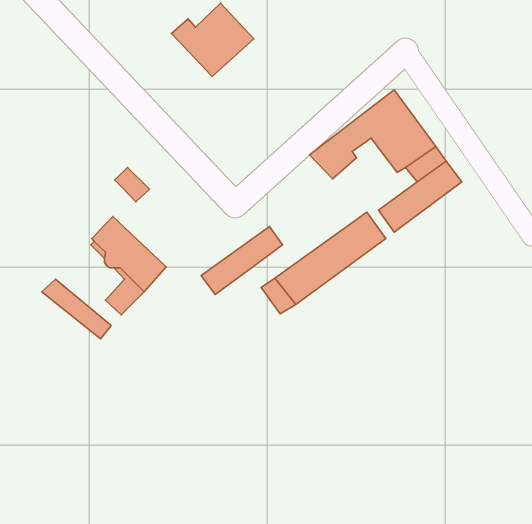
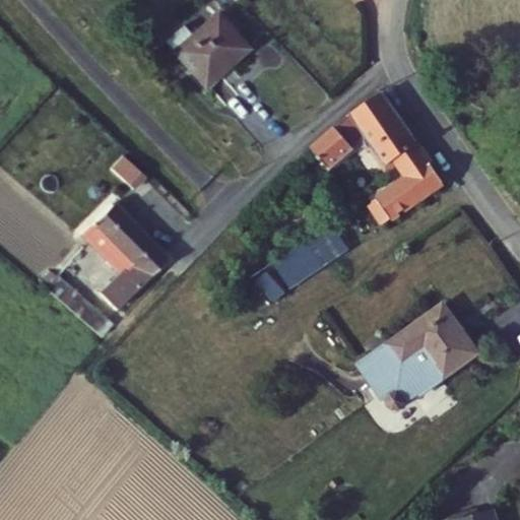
building: [201,226,283,294] -> none
building: none -> [356,306,473,412]

